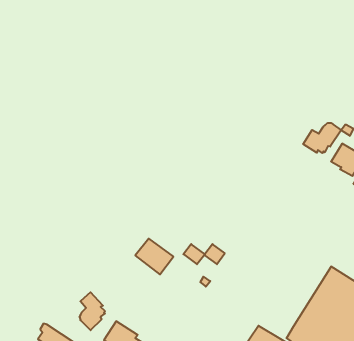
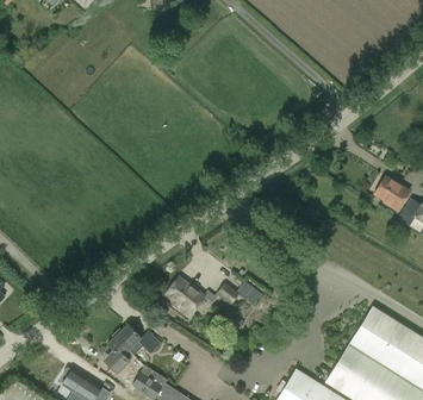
building: [303,123,341,153] -> none
building: none -> [117,325,158,355]

